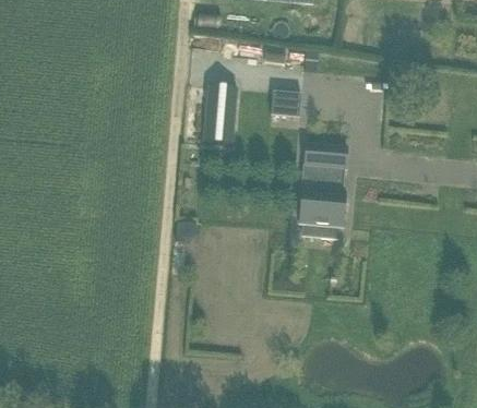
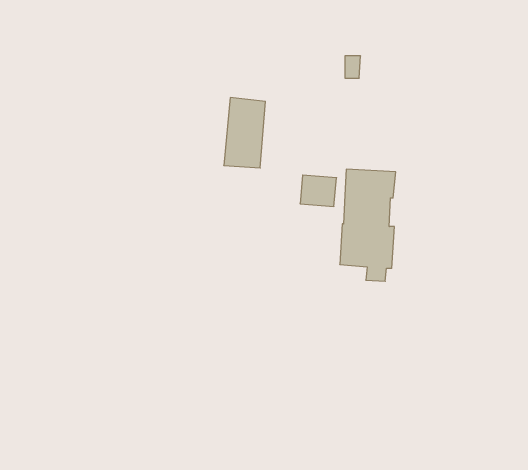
building: [271,92,301,118] -> [300,175,337,206]

